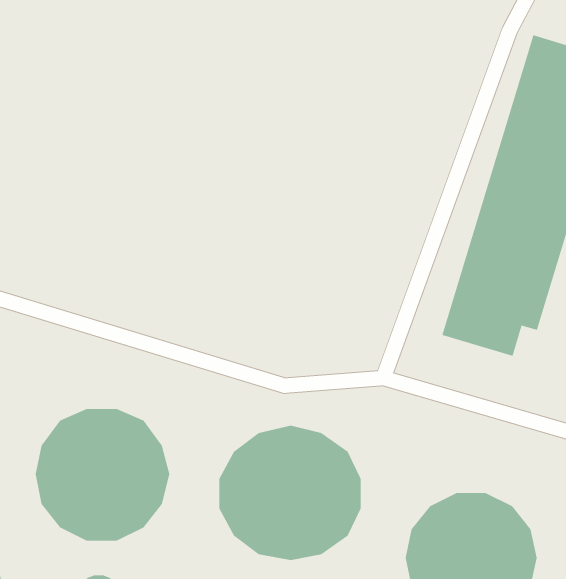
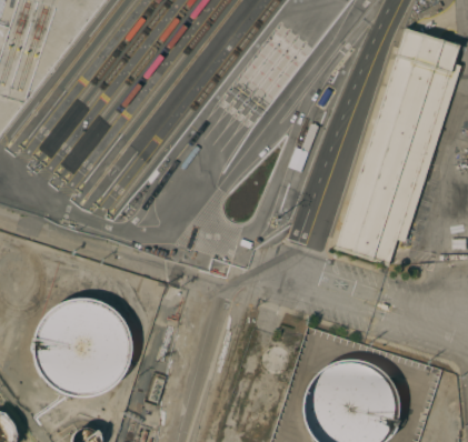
building: [219,425,361,561] -> none

